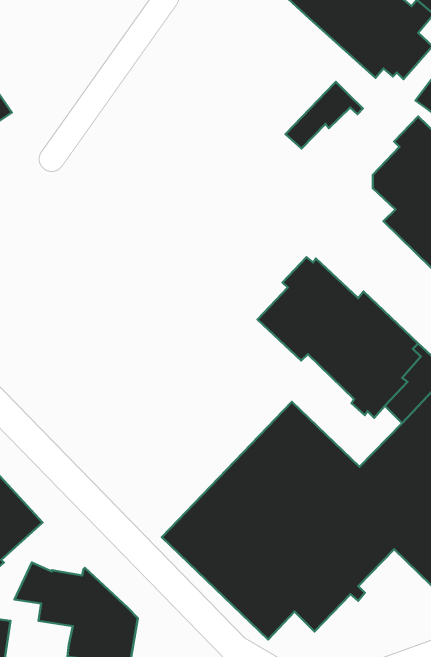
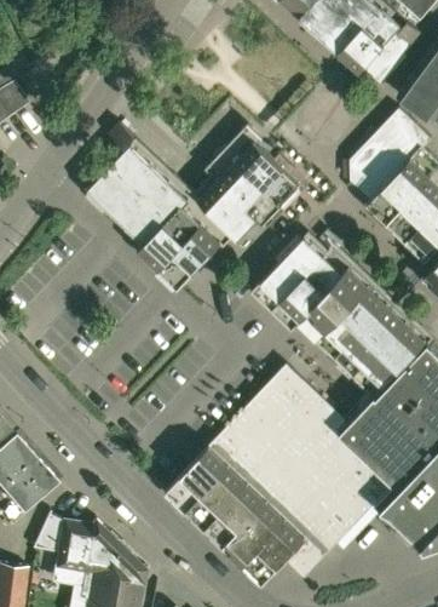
building: [286,82,363,148] -> none
building: none -> [88,130,301,290]

